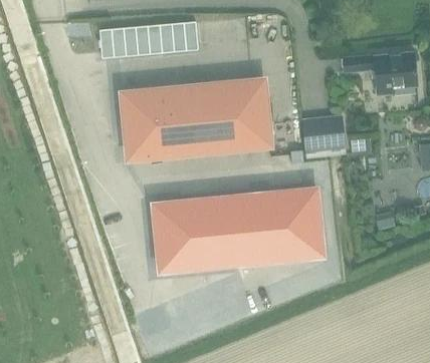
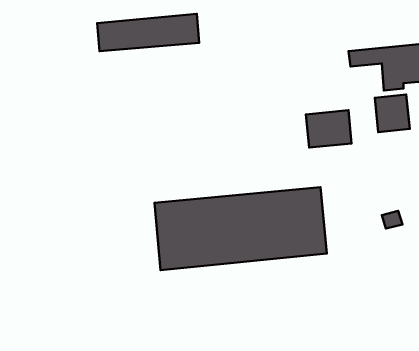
building: [122,80,269,159] -> none
building: none -> [375,95,410,132]

